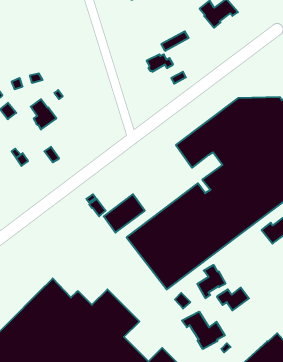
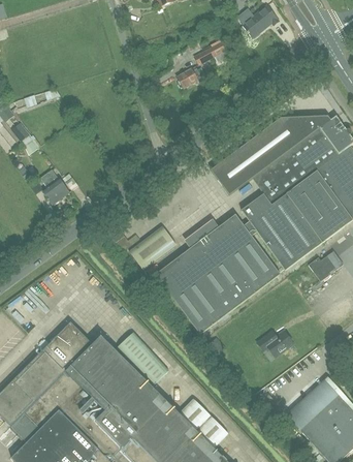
building: [31,99,56,130] -> [40,170,69,204]
building: [197,265,225,298] -> none
building: [182,312,225,349] -> none

